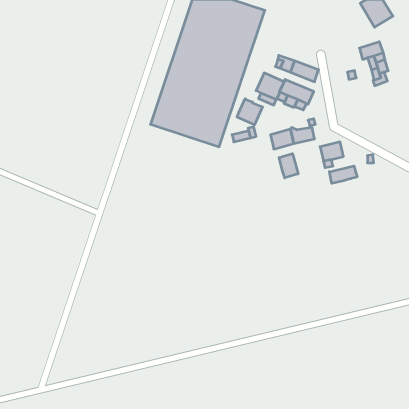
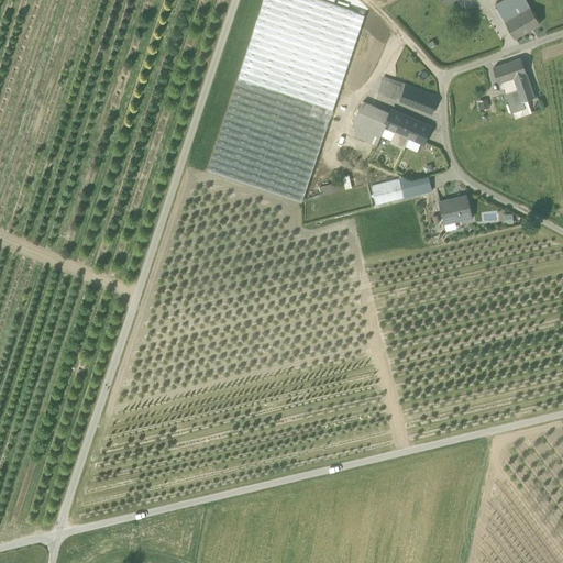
building: [237,99,262,125] -> none
building: [279,154,298,178] -> none
building: [329,166,357,183] -> none

